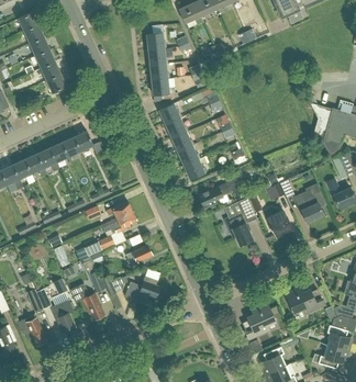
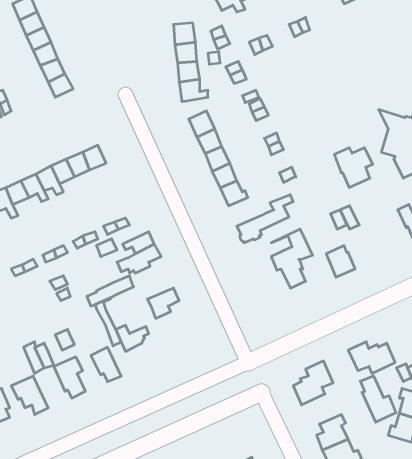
building: [294,191,325,223] -> [334,148,373,188]
building: [124,276,158,303] -> none
building: none -> [360,376,396,422]

